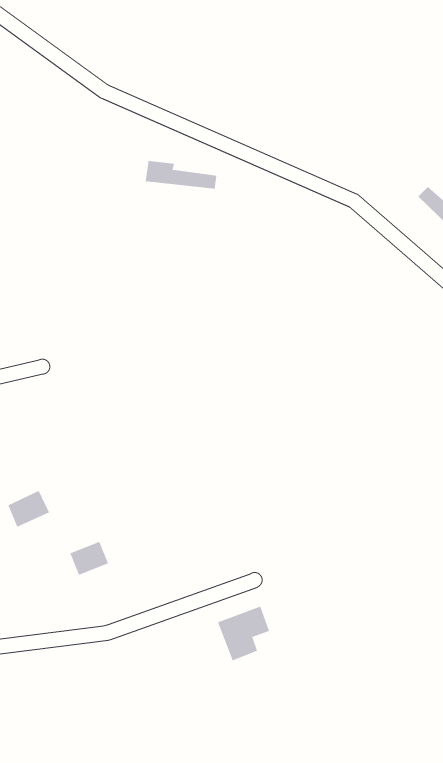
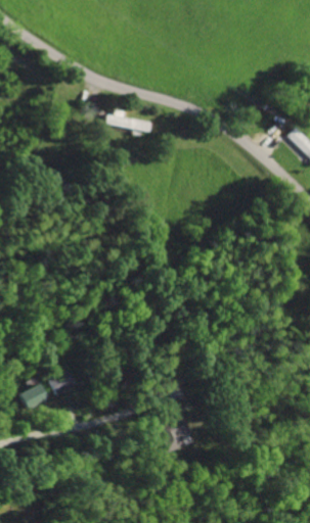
building: [8,490,50,528] -> [20,382,49,408]

